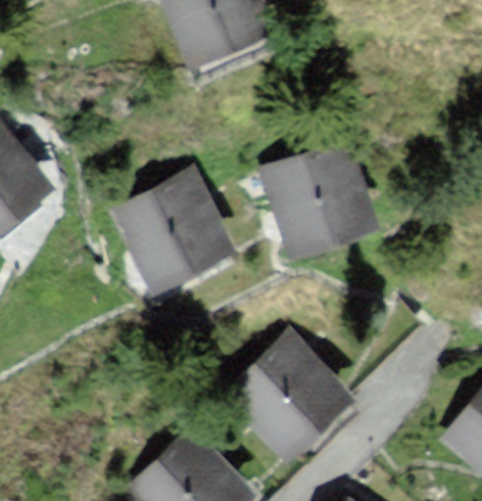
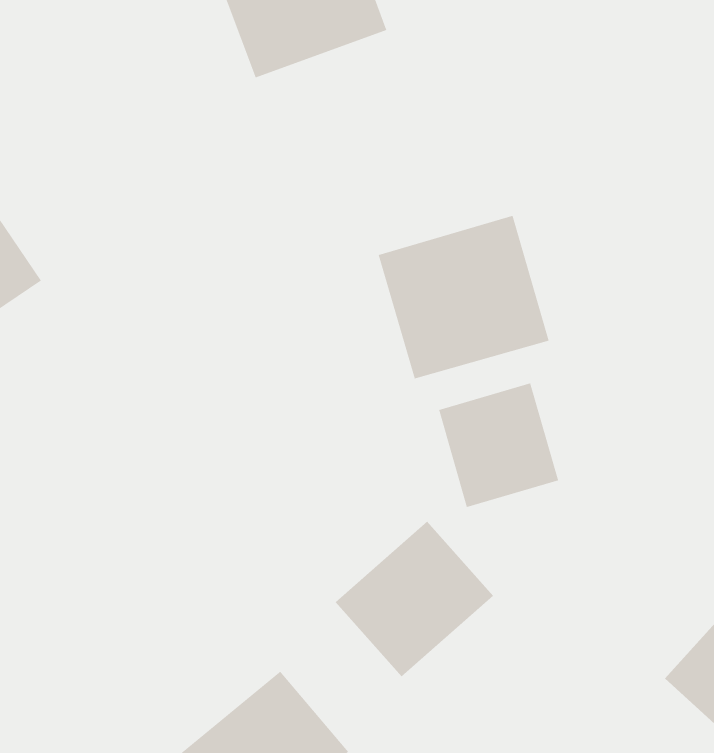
building: [114,175,229,287] -> none
building: none -> [438,382,559,508]

